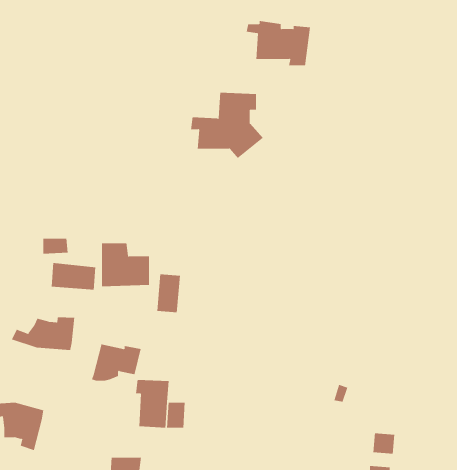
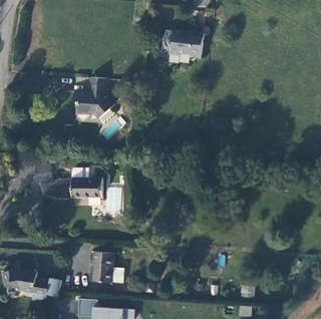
building: [190,92,263,159] -> [70,77,115,118]
building: [11,317,75,351] -> none
building: [91,344,142,381] -> [31,276,62,299]

